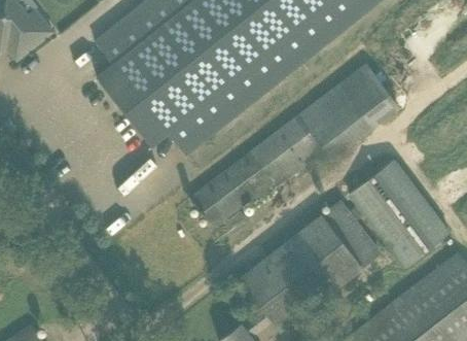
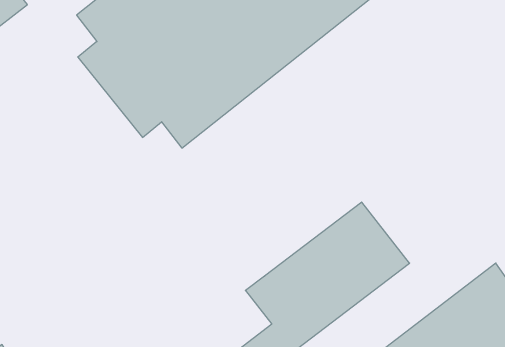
building: [192,64,400,226] -> none
building: [348,160,450,268] -> none

